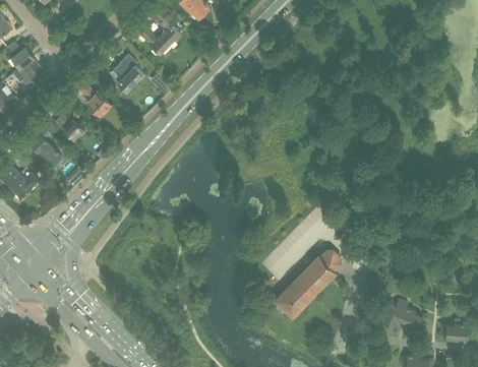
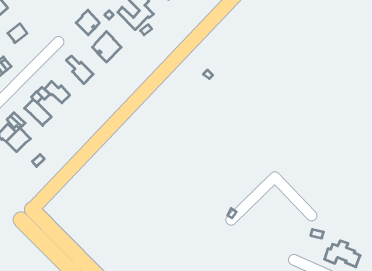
building: none -> [76,10,99,35]
building: [13,57,45,84] -> none
building: [276,250,341,315] -> none

